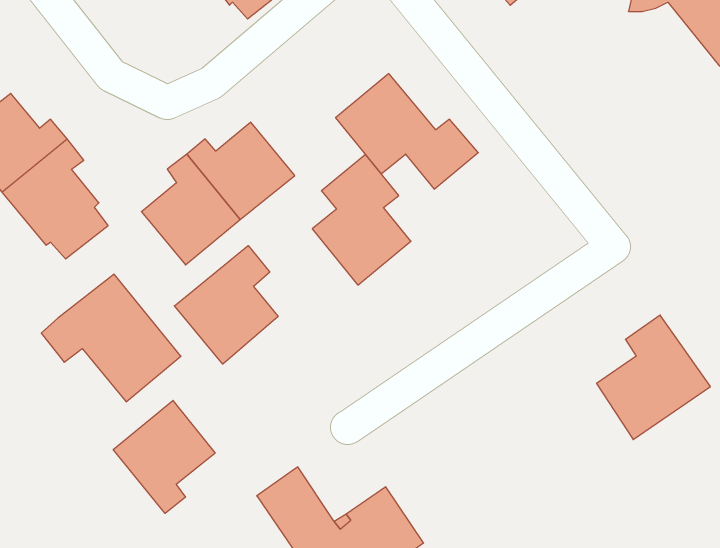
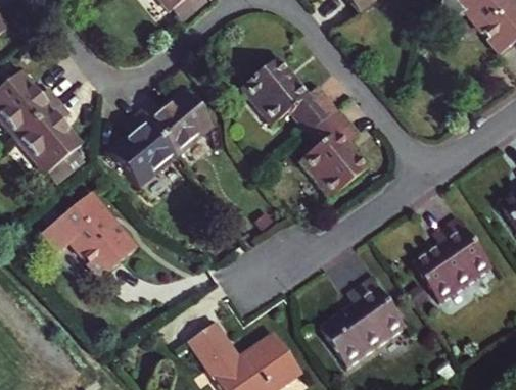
building: [312,154,411,285] -> [300,109,367,197]
building: [174,246,278,364] -> none
building: [113,400,215,513] -> none
building: none -> [321,279,406,368]

